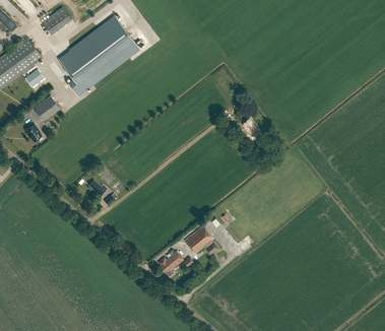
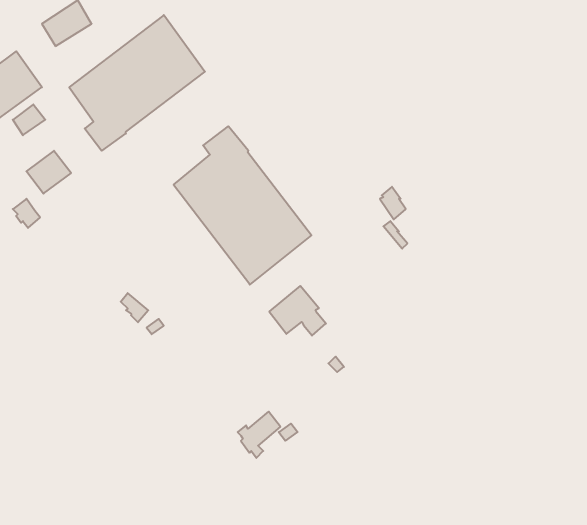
building: none -> [174,126,311,285]
building: [184,225,217,255] -> [269,286,326,336]

